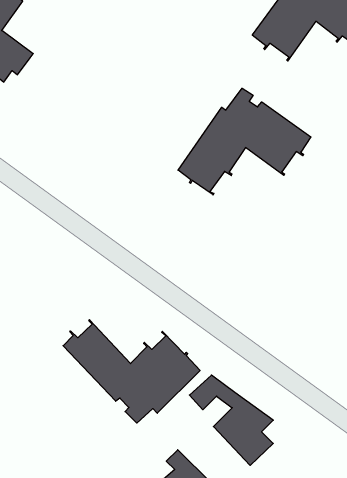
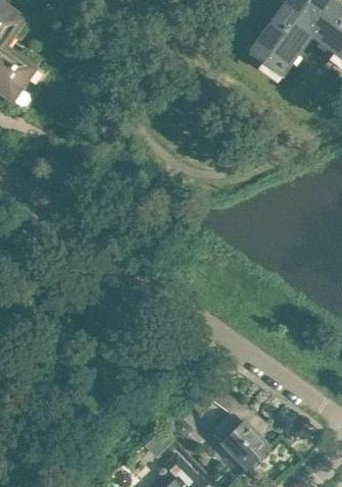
building: [178,88,311,195] -> none
building: [63,320,200,423] -> none

